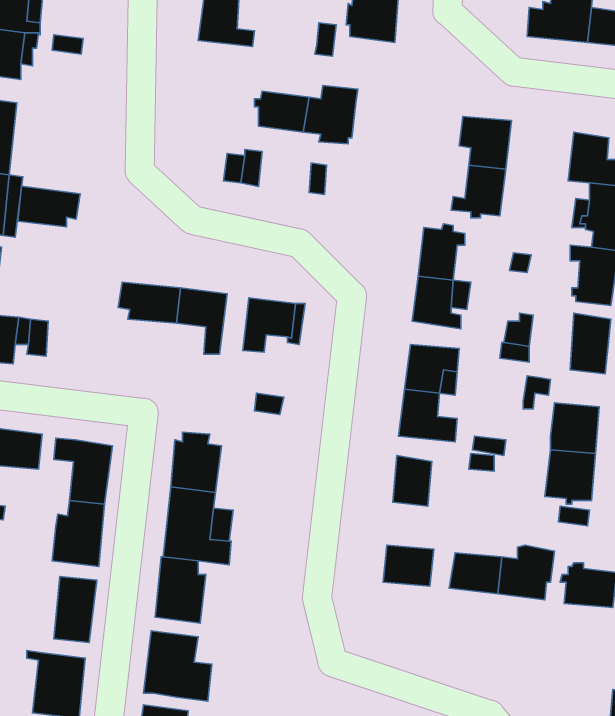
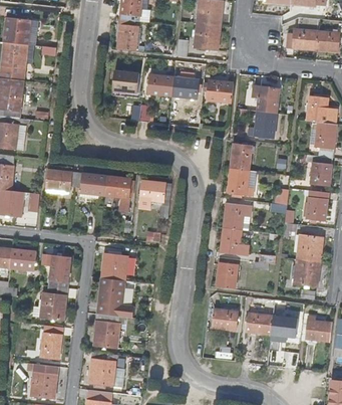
building: none -> [112,70,138,90]
building: none -> [202,80,233,103]
building: [18,186,80,227] -> [45,169,77,190]

